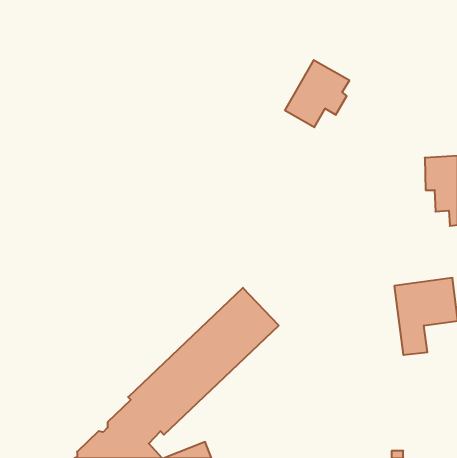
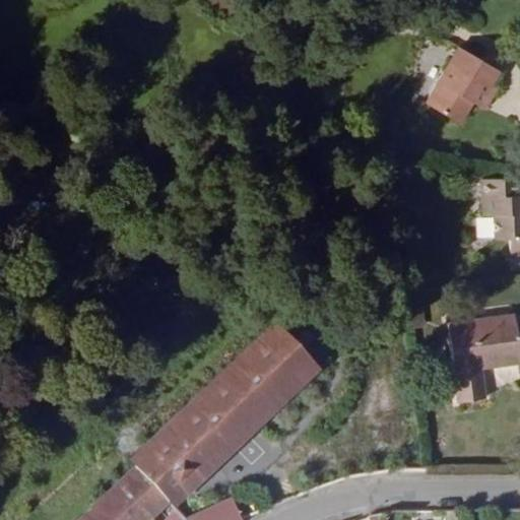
building: [285,60,349,127] -> [427,48,500,124]

